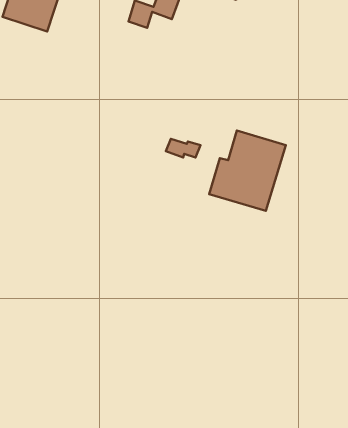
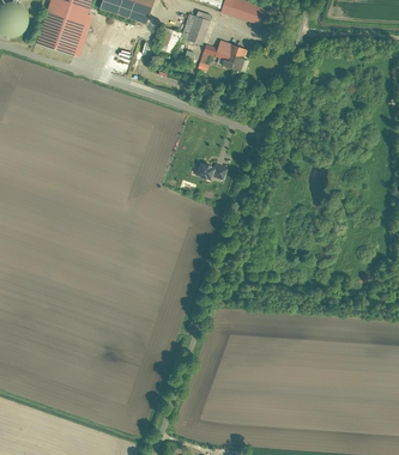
building: none -> [199,41,247,72]
building: [209,131,286,211] -> none

